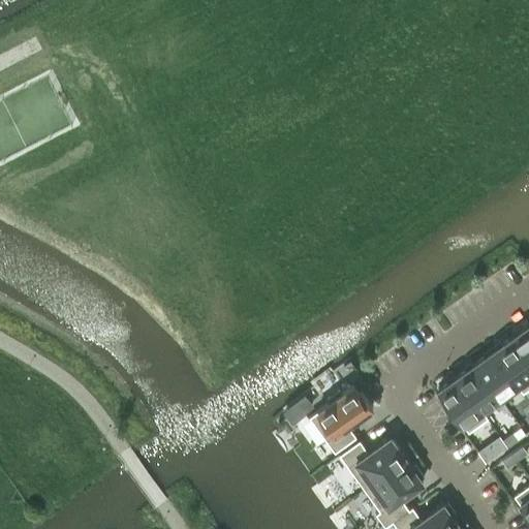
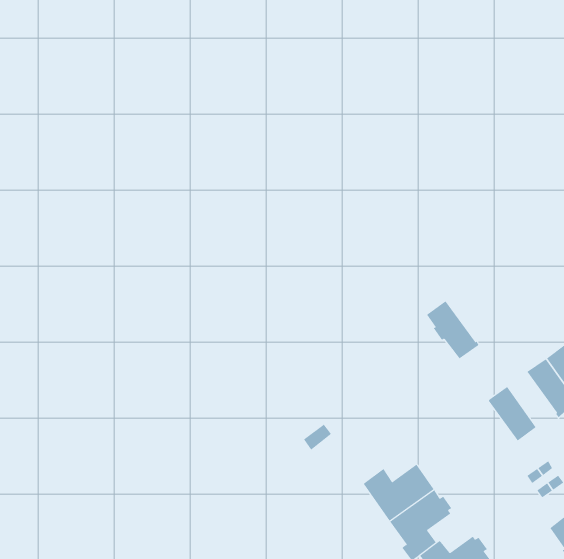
building: [475,353,521,405] -> none
building: [438,380,488,435] -> [426,301,479,359]
building: [310,388,373,456] -> none

